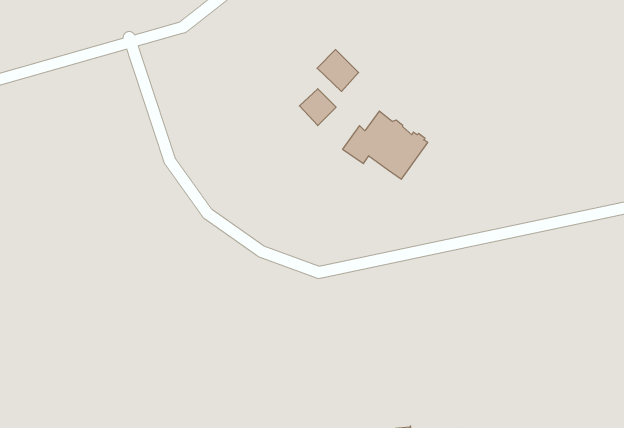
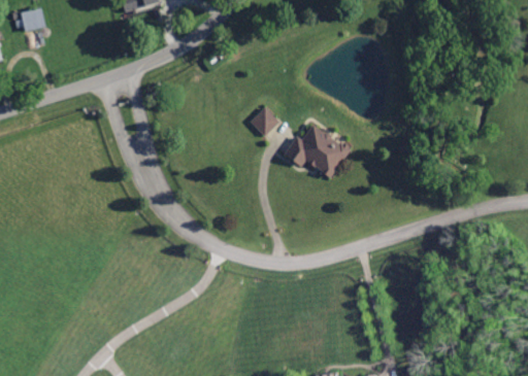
building: [317,50,359,91] -> none

